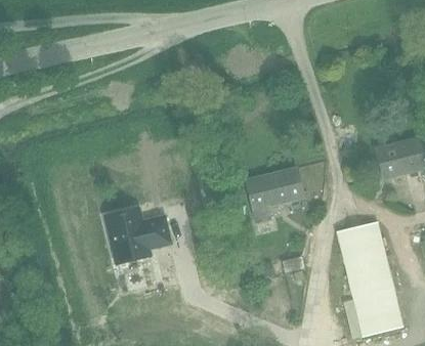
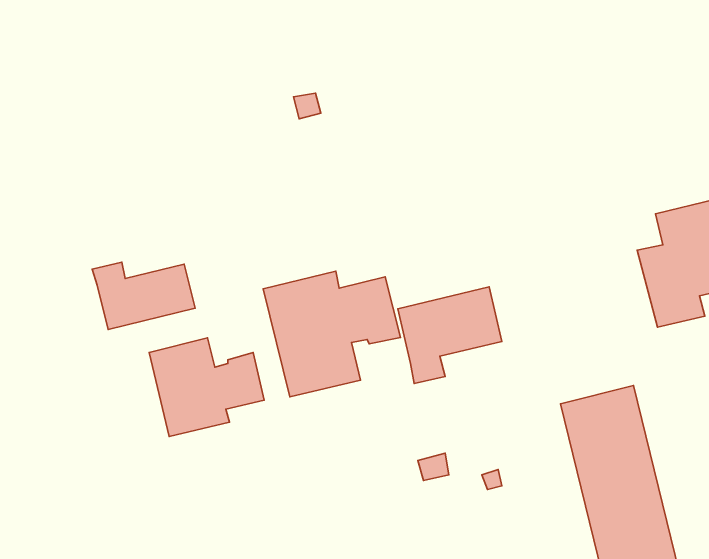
building: none -> [92,262,195,329]
building: none -> [263,271,401,397]

